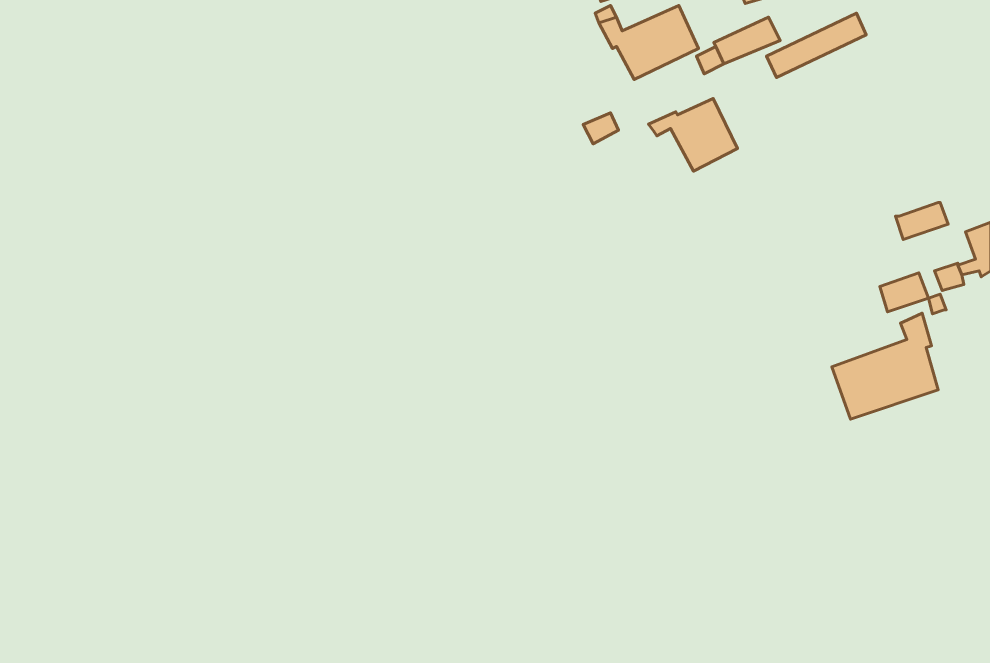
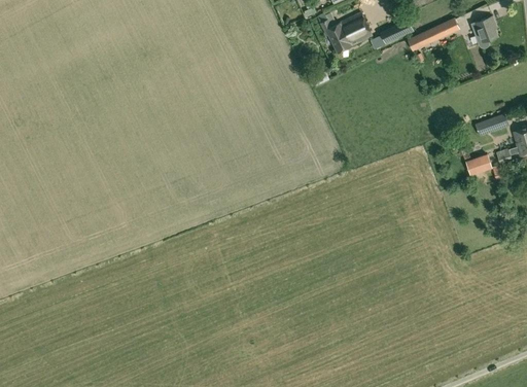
building: none -> [471,16,498,48]
building: [648,99,737,171] -> none
building: [832,313,938,419] -> none

